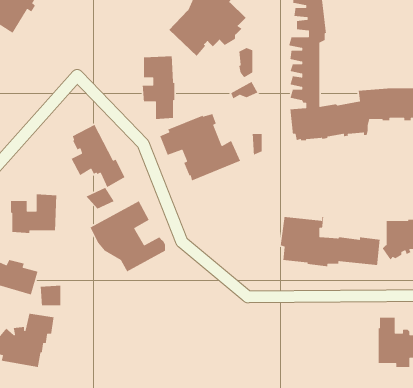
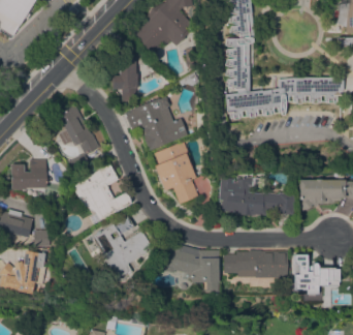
building: none -> [154,141,198,204]
building: none -> [91,215,151,279]
building: none -> [162,245,219,292]
building: none -> [224,250,287,278]

